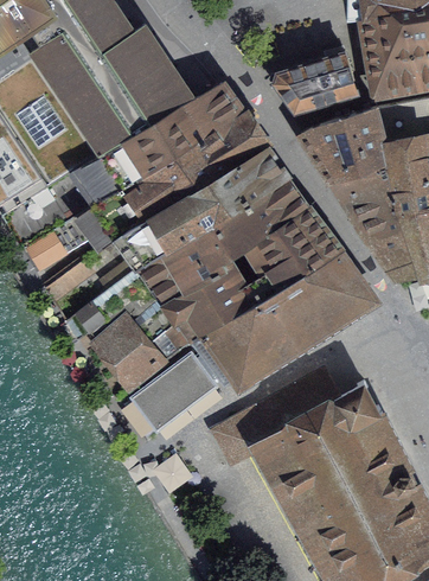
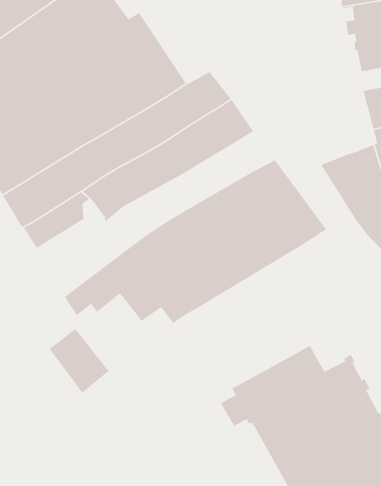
building: [275,53,359,115] -> none
building: [303,109,392,186] -> none
building: [116,152,287,272] -> none
building: [137,254,377,430] -> none
building: [98,321,161,390] -> [49,328,110,394]

